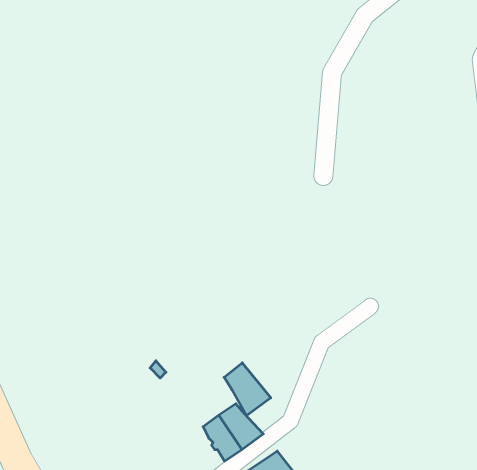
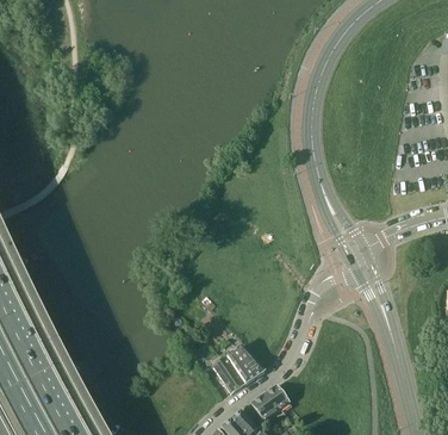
building: [224,363,271,416] -> none

